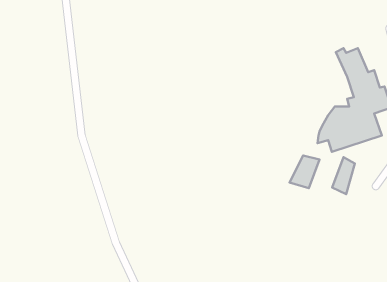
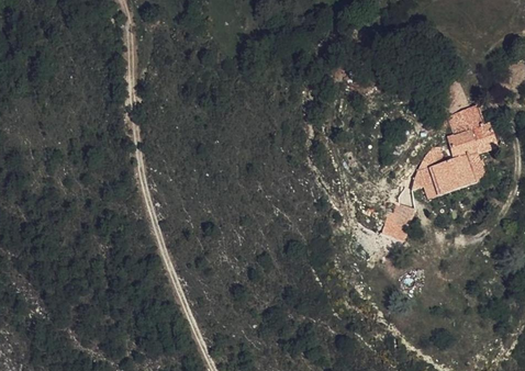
building: [332,157,355,194] -> none

